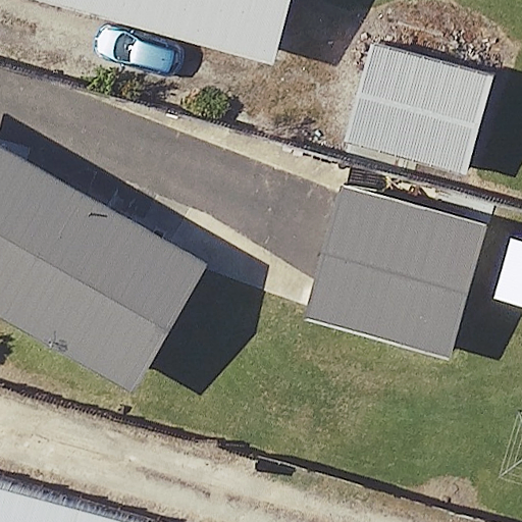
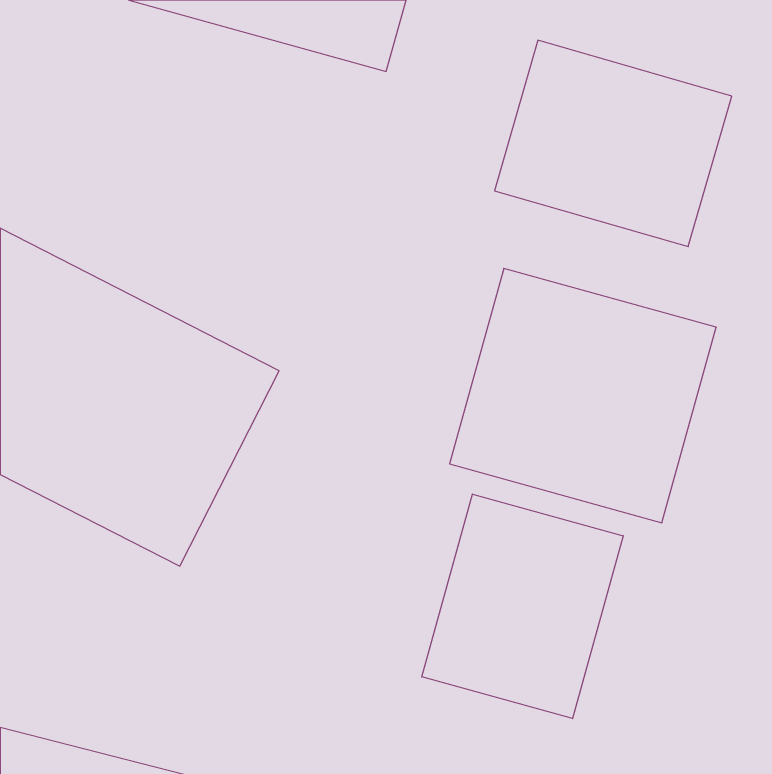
building: none -> [422,494,623,719]

